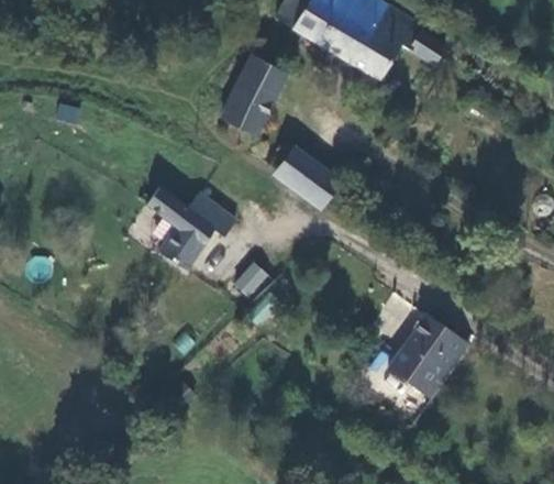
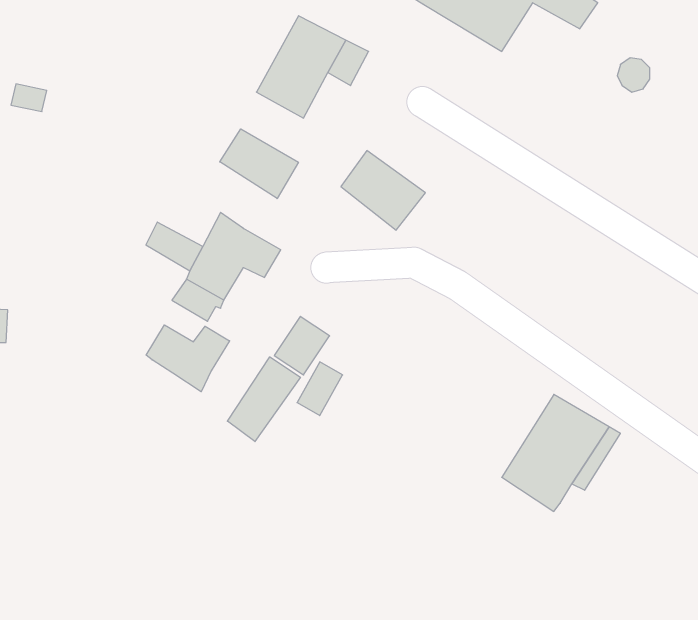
building: none -> [220,129,298,199]
building: none -> [146,325,230,392]
building: none -> [227,357,300,442]

